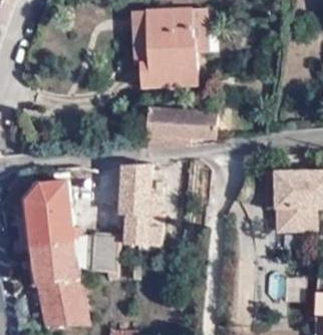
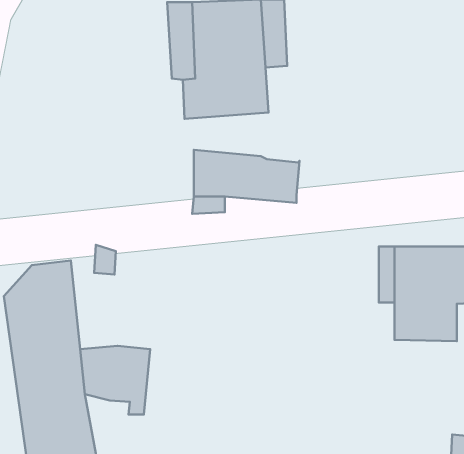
building: [119,161,160,245] -> none

